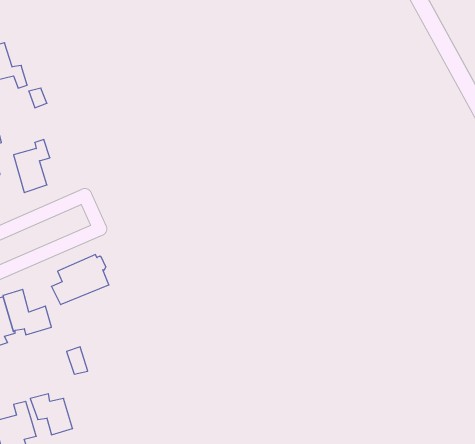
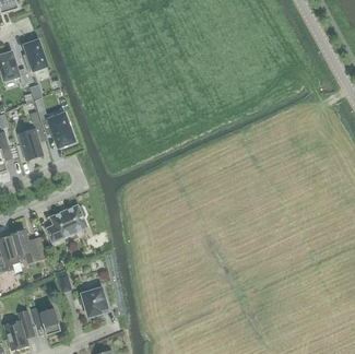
building: none -> [23,40,47,72]
building: none -> [40,113,75,148]
building: none -> [80,287,108,317]

